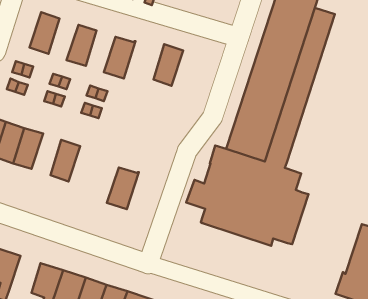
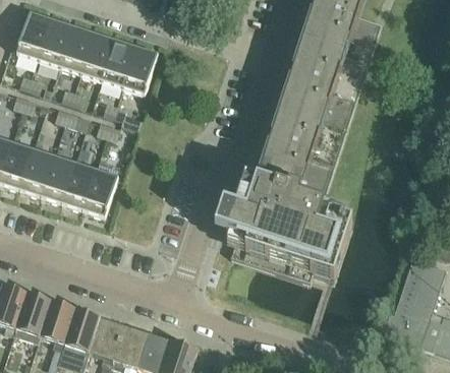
building: none -> [14,11,50,59]
building: none -> [58,26,92,73]
building: [153,44,183,86] -> [100,40,133,86]
building: none -> [39,156,72,202]
building: [107,168,139,209] -> [80,170,116,216]
building: none -> [13,293,49,335]

